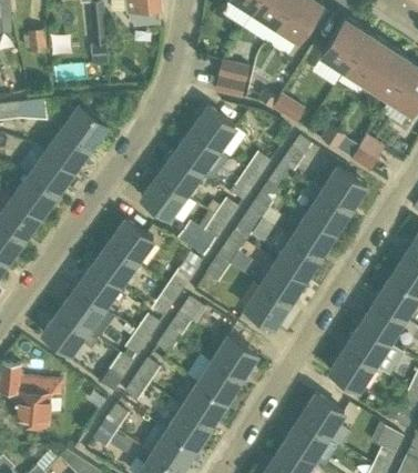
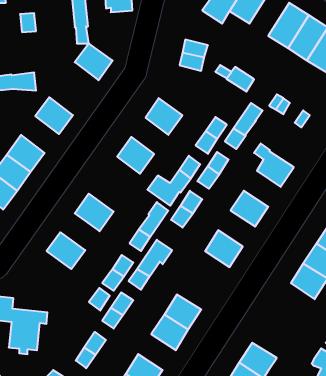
building: [62,107,106,150] -> [75,43,113,80]
building: [191,108,235,150] -> none
building: [29,151,73,194] -> none
building: [159,153,202,195] -> none
building: [320,168,365,211] -> none
building: [290,215,334,258] -> none
building: [109,220,154,263] -> none
building: [261,262,304,304] -> none
building: [75,265,121,309] -> none
building: [42,310,98,354] -> none
building: [212,336,256,379] -> none
building: [330,348,374,390] -> none
building: [300,393,350,444] -> none
building: [166,407,211,450] -> none

